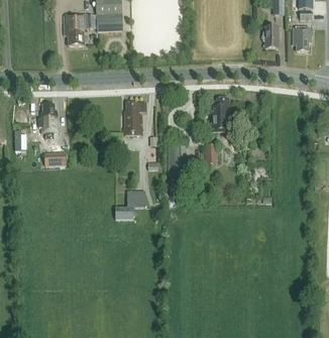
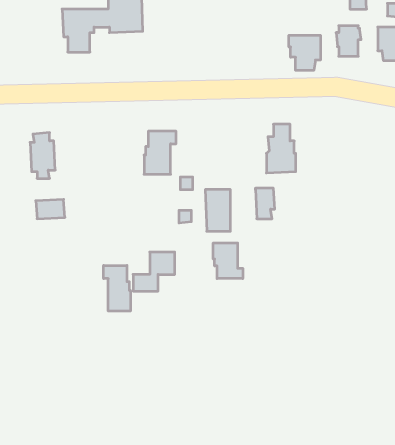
building: none -> [289,35,320,70]
building: none -> [213,243,243,279]
building: none -> [104,265,130,311]

